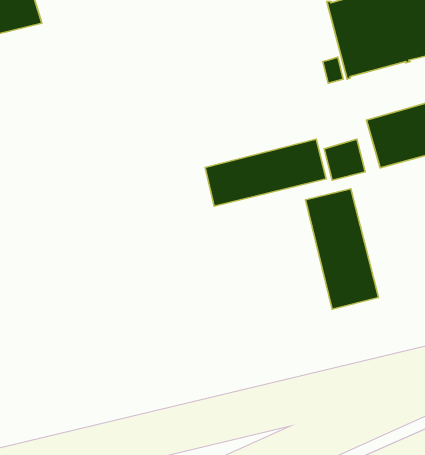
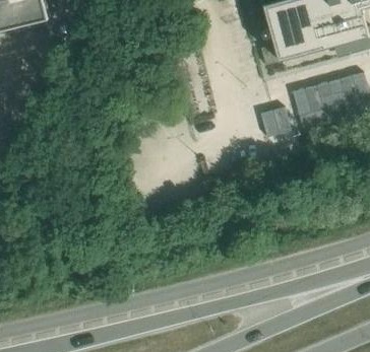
building: [205,139,326,206] -> none
building: [306,189,379,309] -> none

